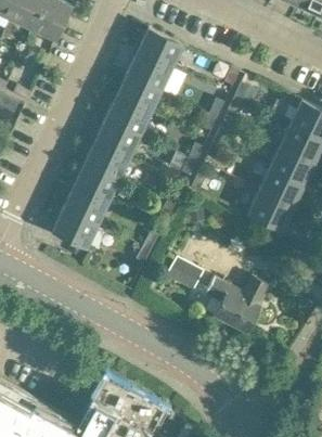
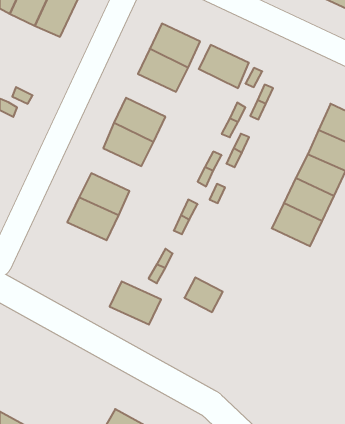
building: [115,74,160,113] -> [199,45,249,88]
building: [83,141,129,180] -> none
building: [51,208,98,247] -> [110,281,161,325]
building: [207,277,268,333] -> none

